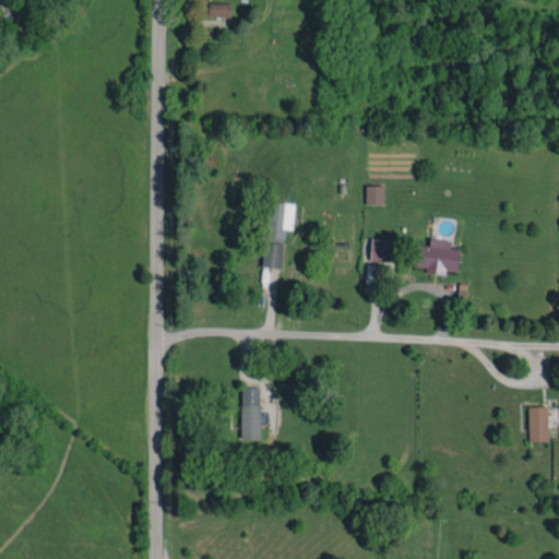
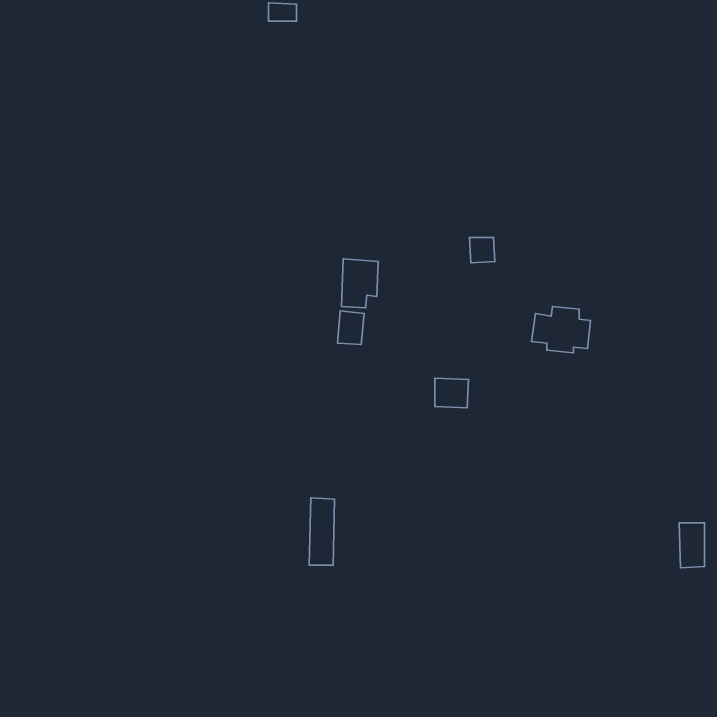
building: [371,239,397,262] -> [435,378,468,408]

